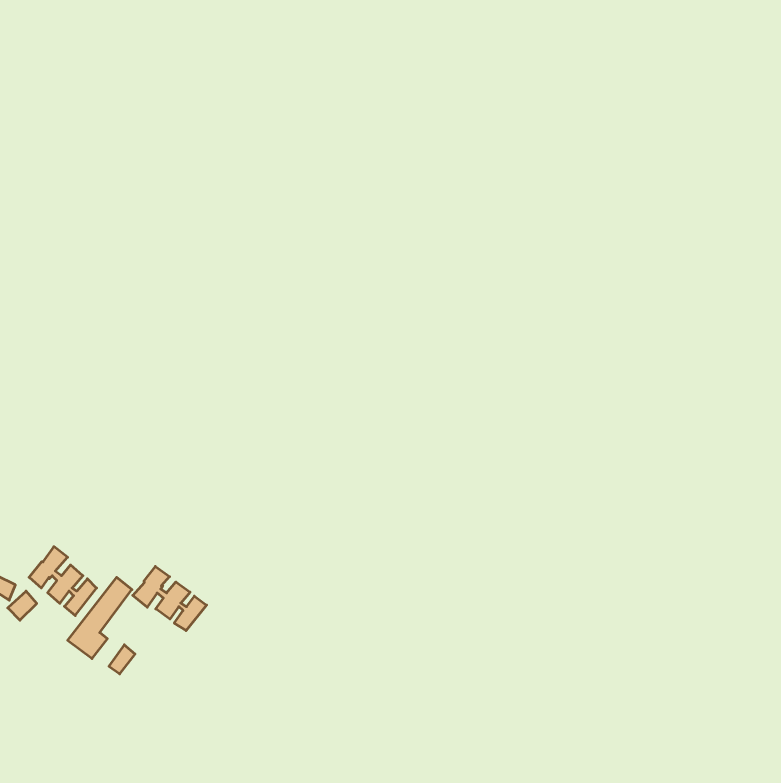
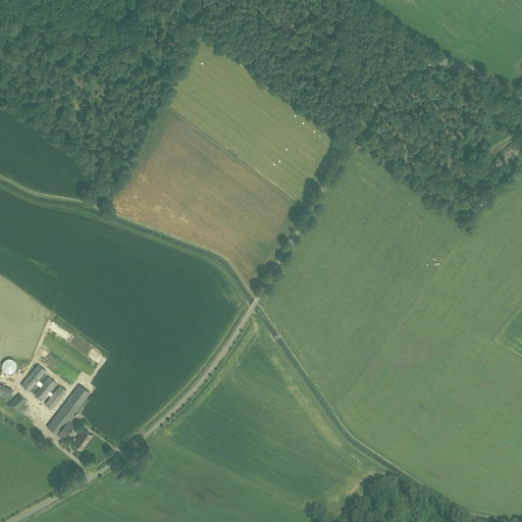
building: [133,566,207,631] -> none

